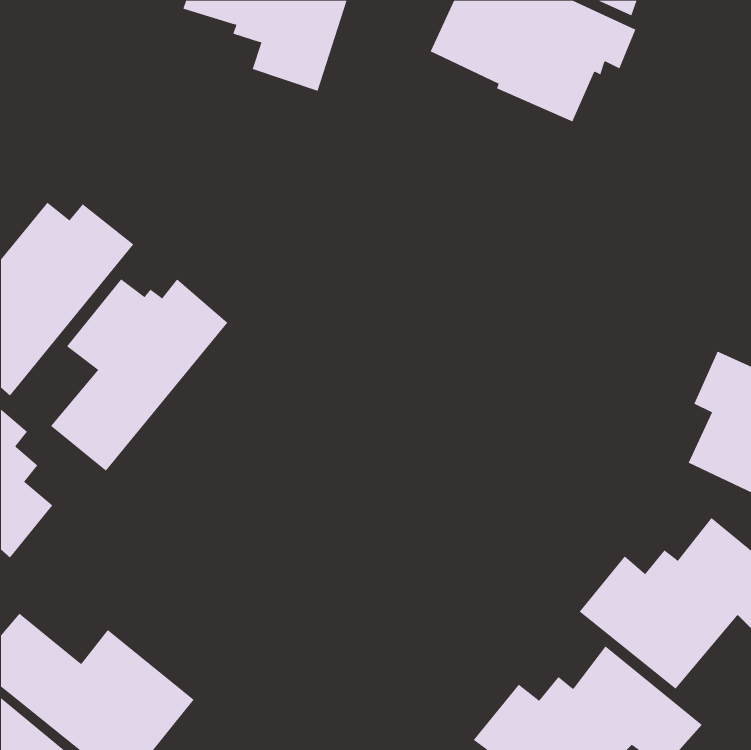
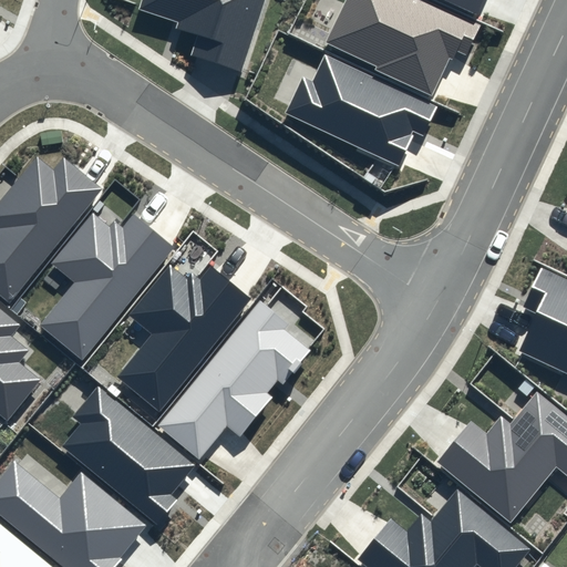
building: none -> [285,52,436,165]
building: none -> [116,262,250,409]
building: none -> [155,297,310,456]
building: none -> [63,389,194,527]

